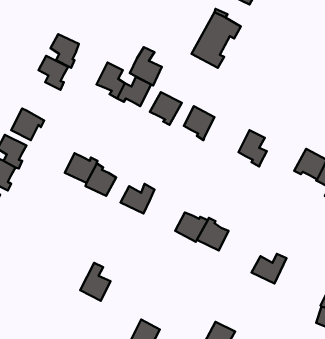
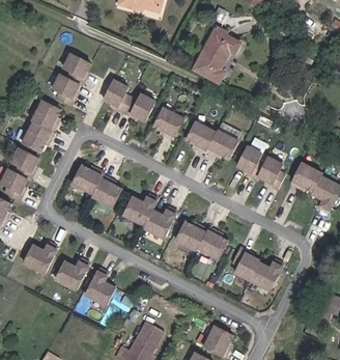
building: [130,47,162,85] -> none
building: none -> [31,101,59,133]
building: none -> [205,129,237,158]
building: none -> [258,154,285,188]
building: none -> [145,206,177,234]
building: none -> [26,244,60,275]
building: none -> [233,245,260,278]
building: none -> [58,259,91,290]

